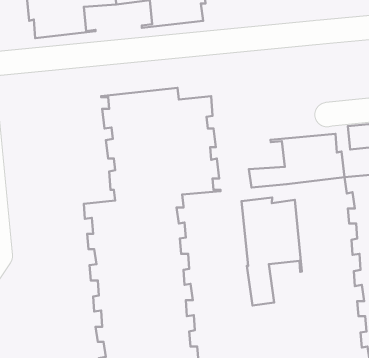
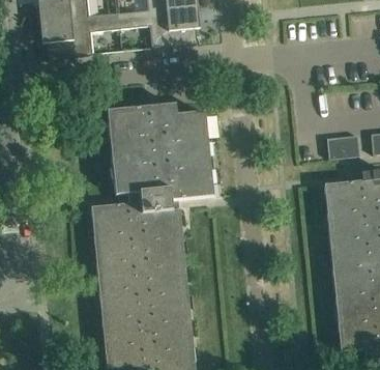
building: [249,134,344,188] -> none
building: [242,198,302,306] -> none

